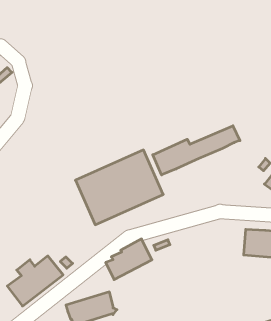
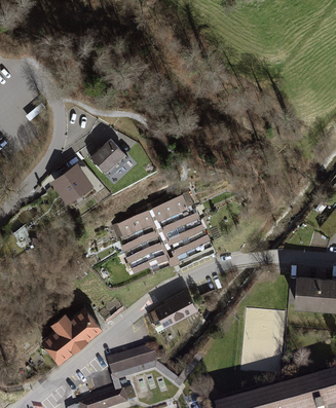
building: none -> [87,138,126,174]
building: none -> [50,162,92,203]
building: [153,126,240,175] -> none

